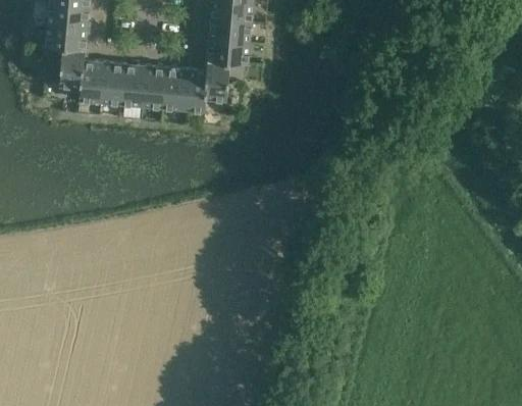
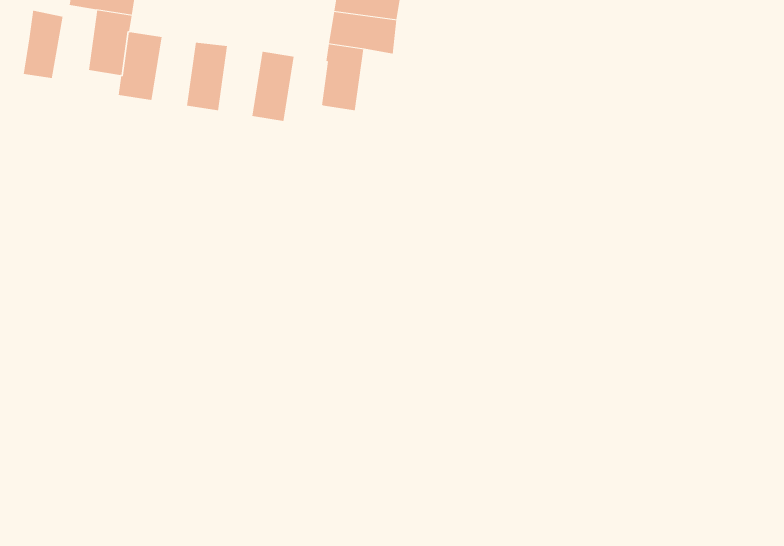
building: none -> [23,10,63,79]
building: [99,61,123,103] -> none
building: [141,64,165,107] -> none
building: [181,68,206,111] -> none

